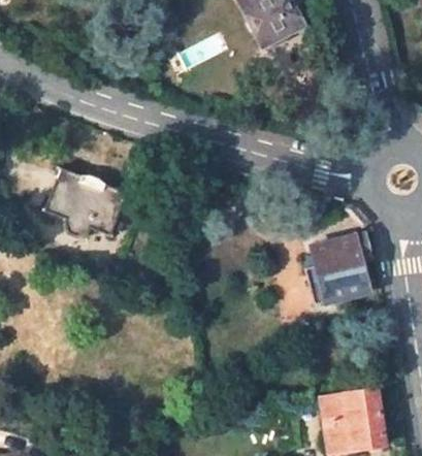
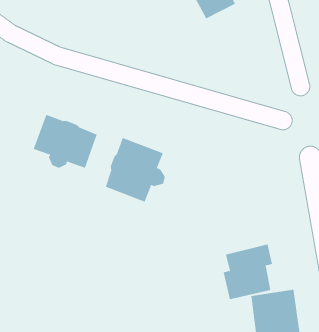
building: none -> [105,137,166,203]
building: [309,232,372,303] -> [223,244,273,300]

